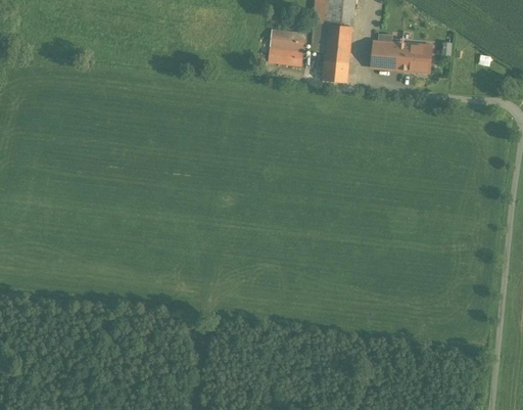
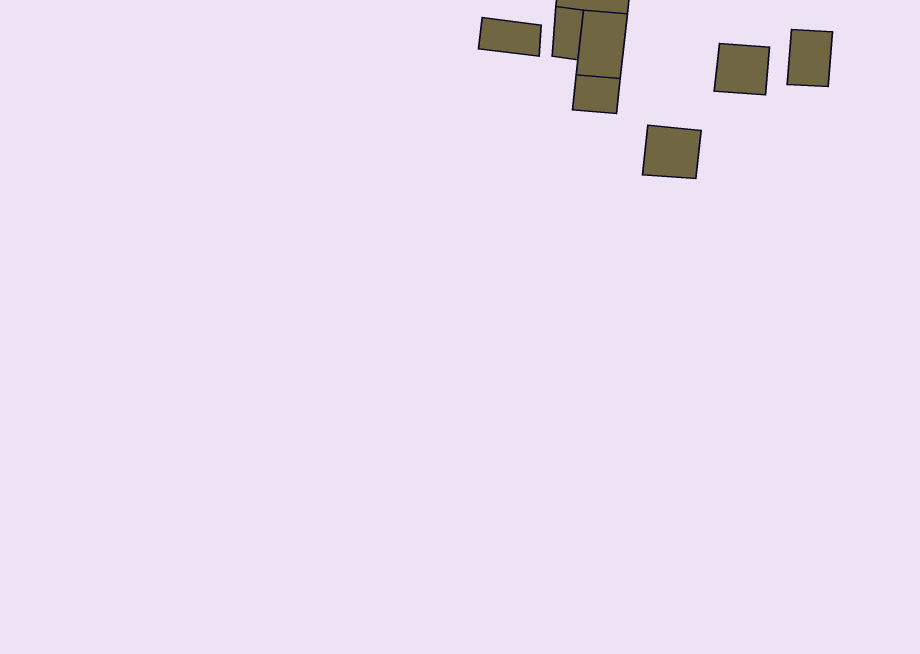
building: none -> [787,30,832,86]
building: [372,40,405,70] -> [642,125,701,178]
building: [269,46,304,64] -> none

